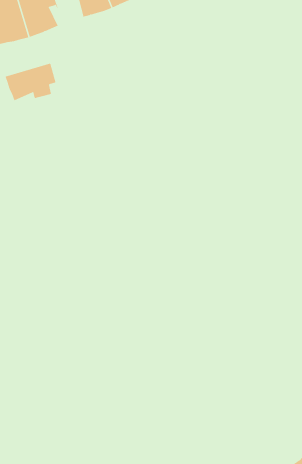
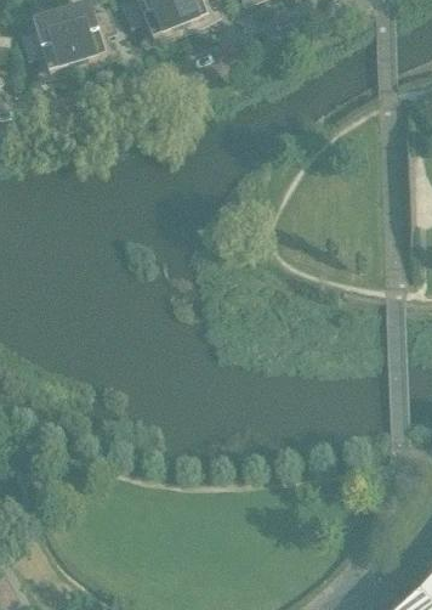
building: [5,61,57,101] -> none

